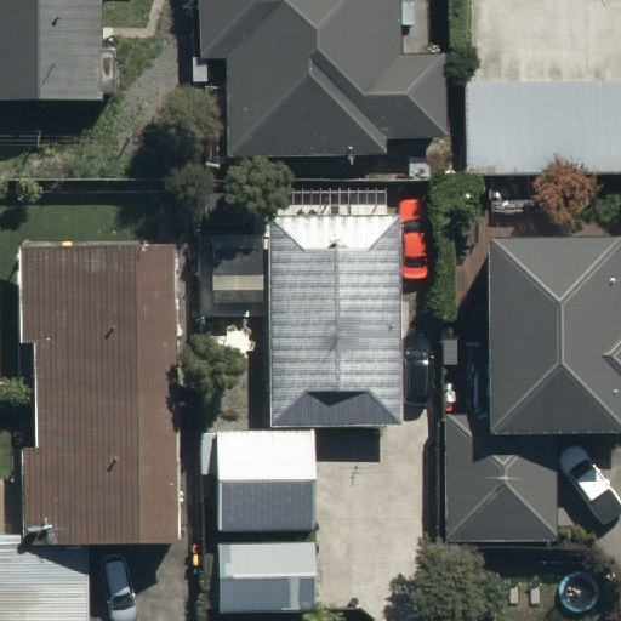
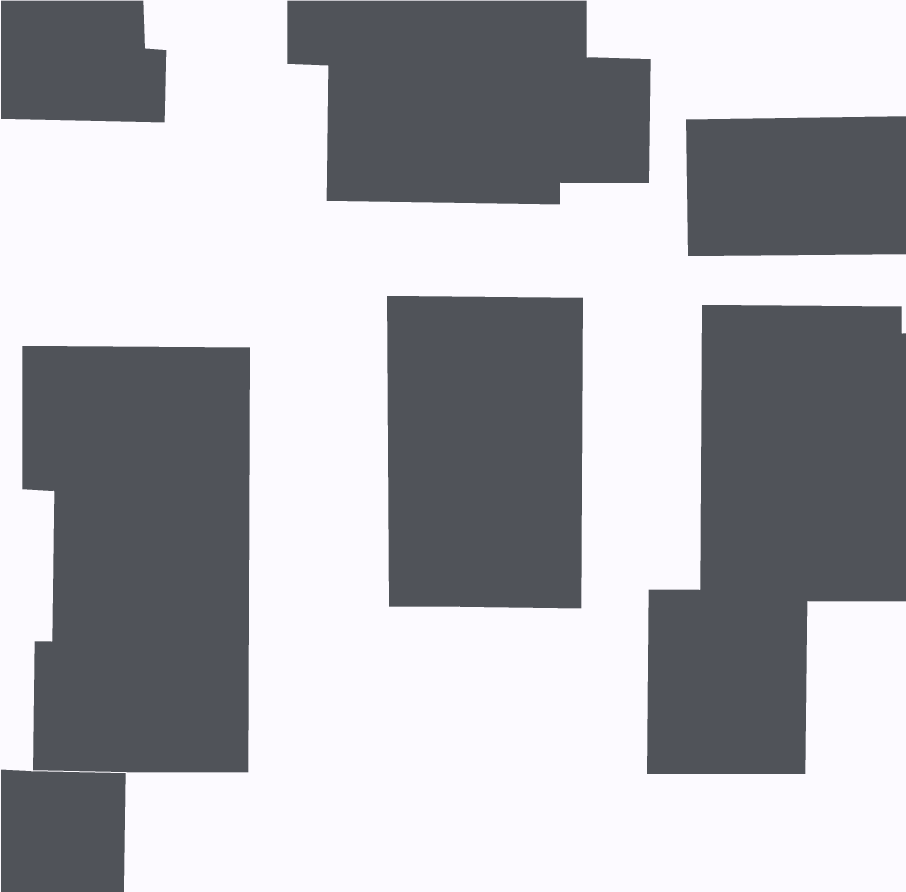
building: [220,431,315,610] -> none

